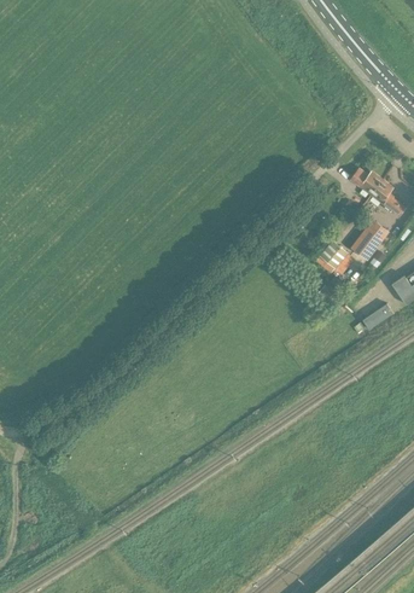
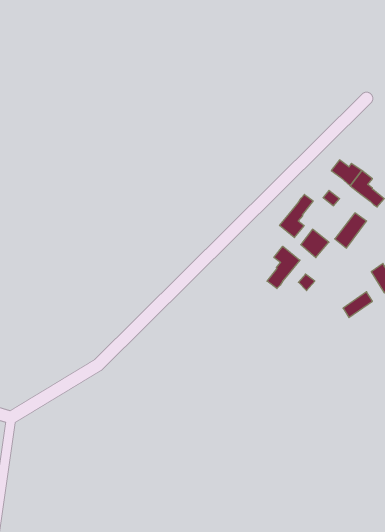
building: none -> [280,194,313,238]
building: none -> [267,246,300,289]

